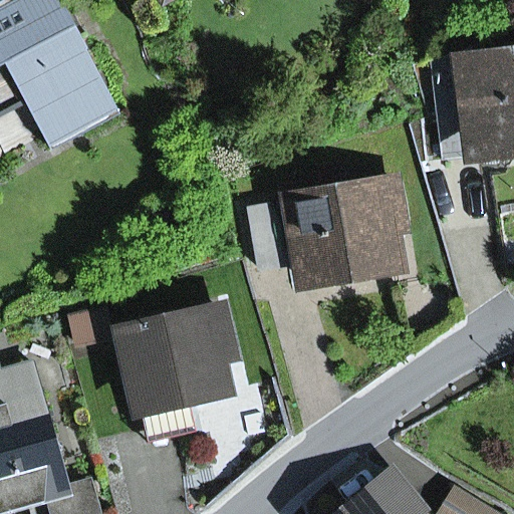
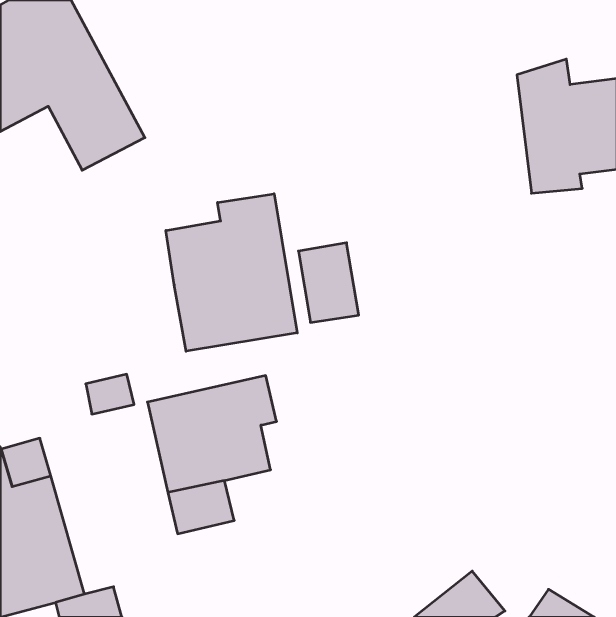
building: none -> [166,194,297,351]
building: [291,174,404,282] -> none

